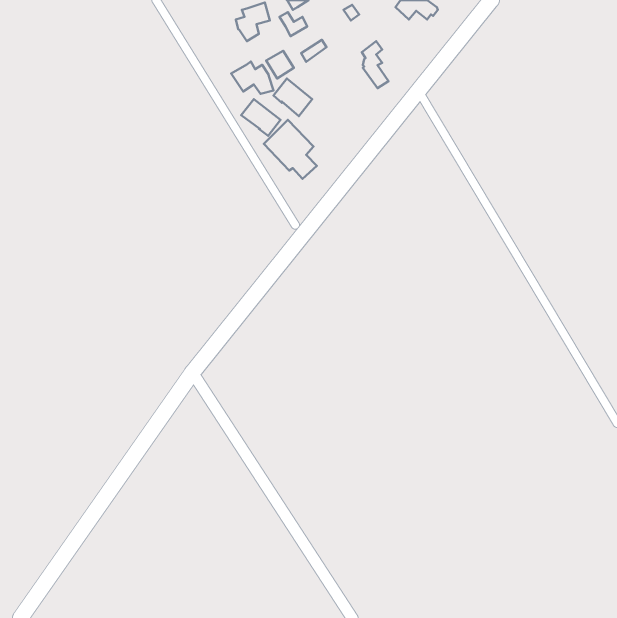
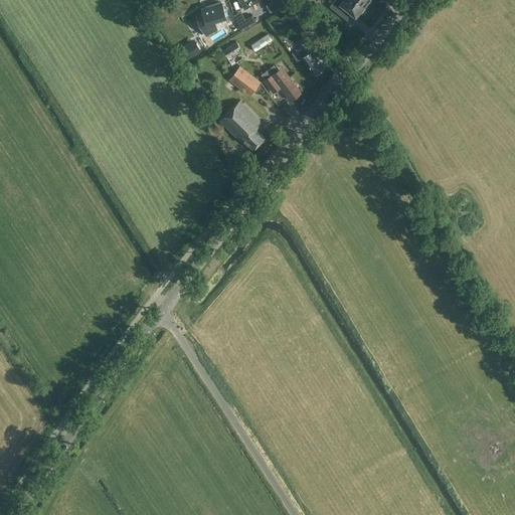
building: [231,62,273,94] -> none
building: none -> [264,69,300,100]
building: [241,99,281,136] -> none

